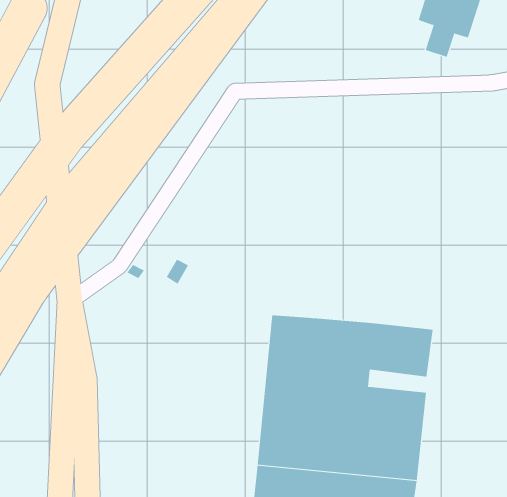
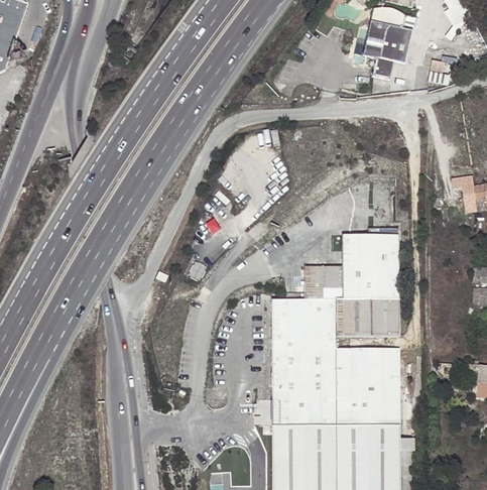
building: none -> [303,234,400,298]

